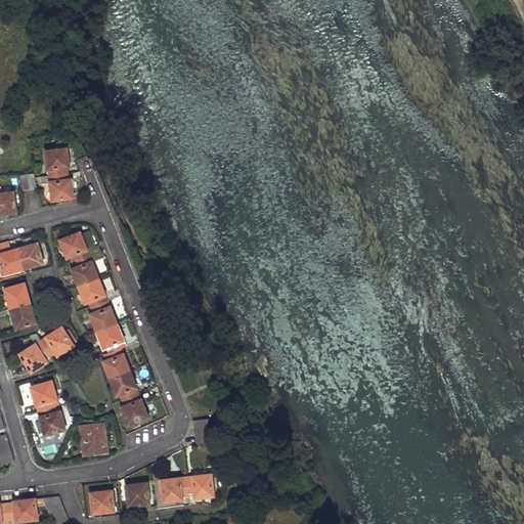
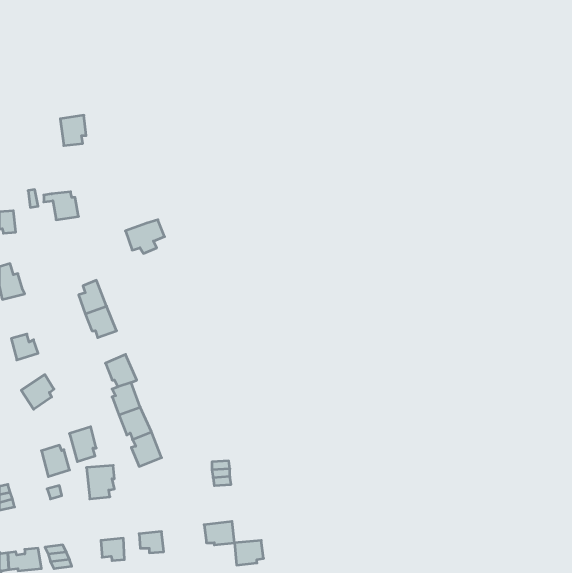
building: [44,149,68,177] -> [60,115,86,146]
building: [59,230,95,261] -> [125,220,165,253]
building: [16,244,42,266] -> none
building: [4,285,29,309] -> none
building: [89,302,115,332] -> none
building: [41,328,73,355] -> none
building: [31,380,55,411] -> [69,427,96,462]
building: [162,479,188,501] -> [234,540,264,565]

